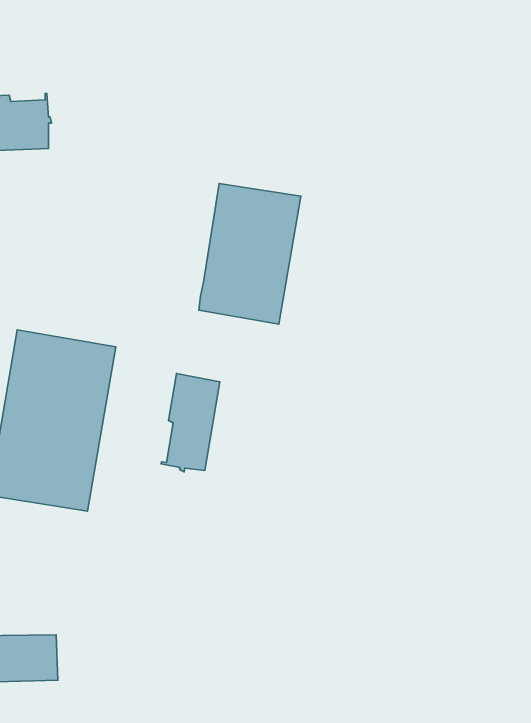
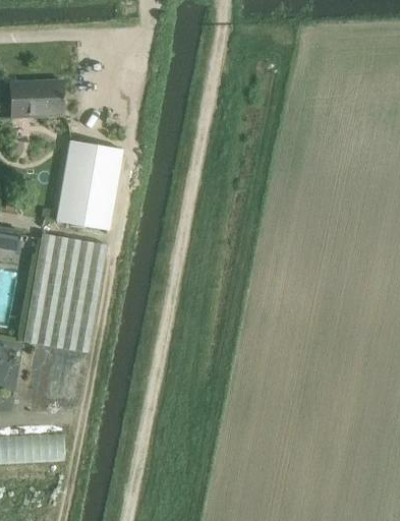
building: [199,184,301,324] -> [57,138,123,230]
building: [161,374,220,472] -> none

